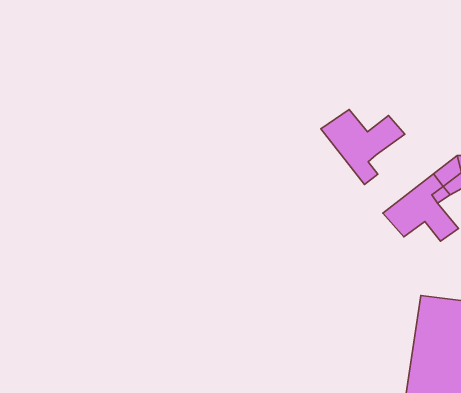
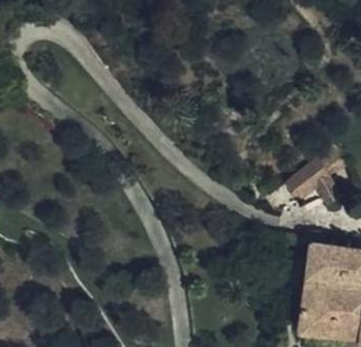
building: [321,110,405,185] -> none

